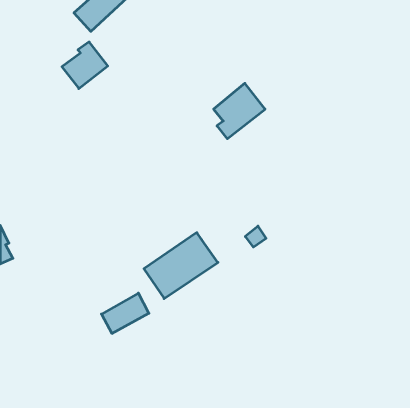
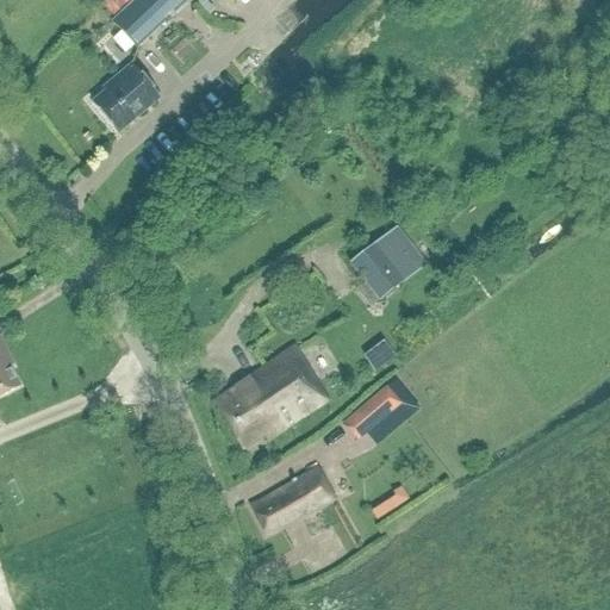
building: [214,83,265,139] -> [350,223,427,305]
building: none -> [351,384,400,430]
building: [101,293,149,333] -> [253,472,323,531]

